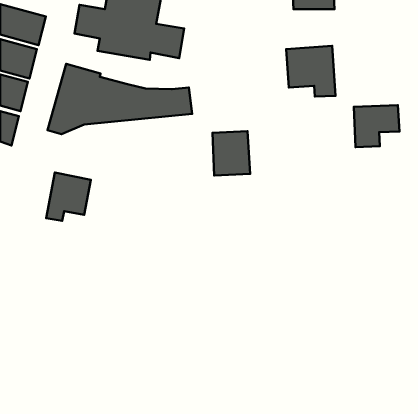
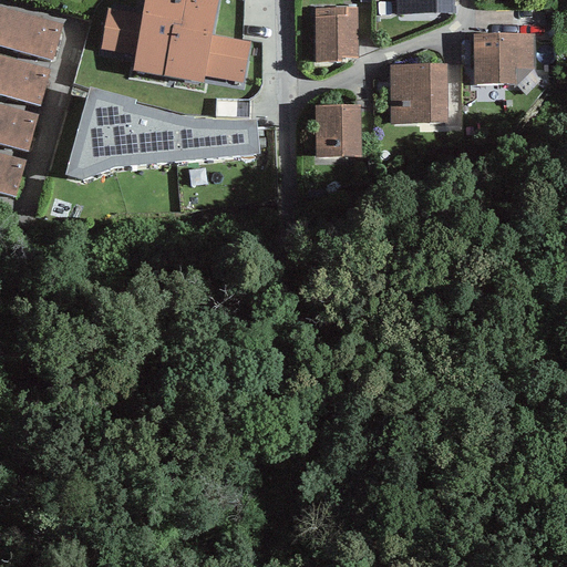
building: none -> [316,6,357,62]
building: [354,105,400,147] -> [474,34,536,91]
building: [212,131,250,175] -> [311,104,362,164]
building: [46,173,91,221] -> none

